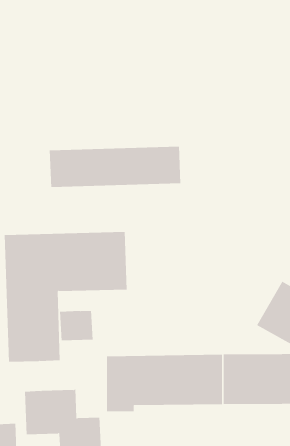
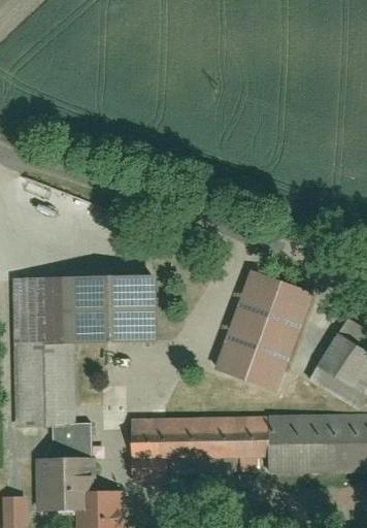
building: [49,146,181,188] -> none
building: none -> [212,268,315,393]
building: [59,311,94,341] -> [53,423,93,458]

